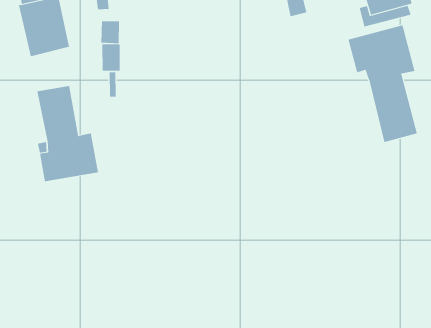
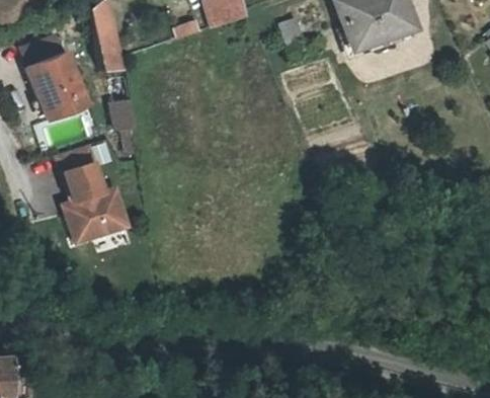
building: [348,25,417,143] -> none

